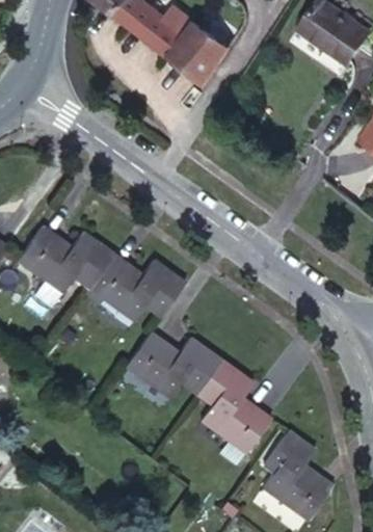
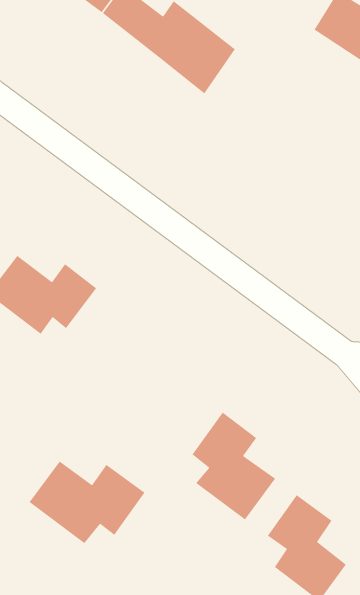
building: [84,254,181,325] -> none
building: [118,332,220,405] -> [28,460,145,544]

